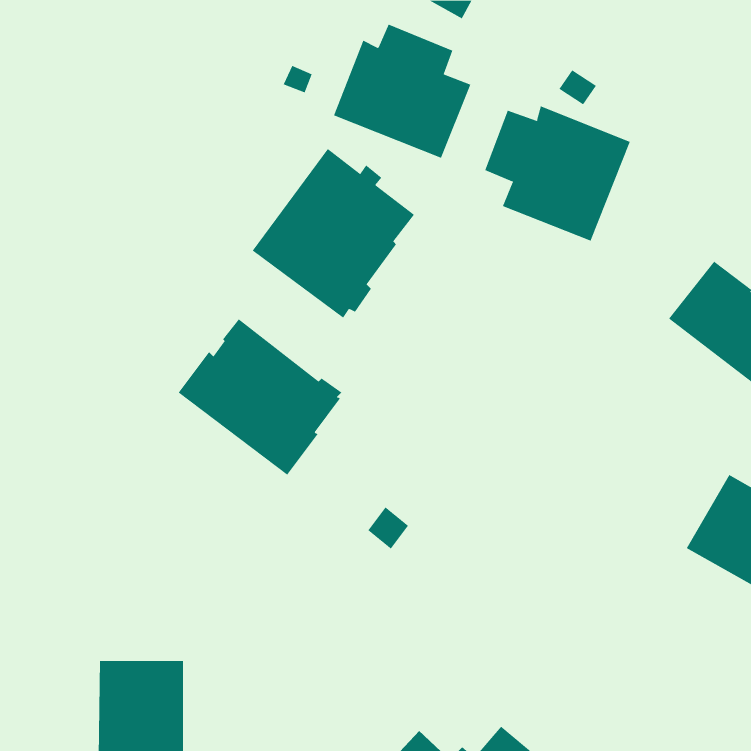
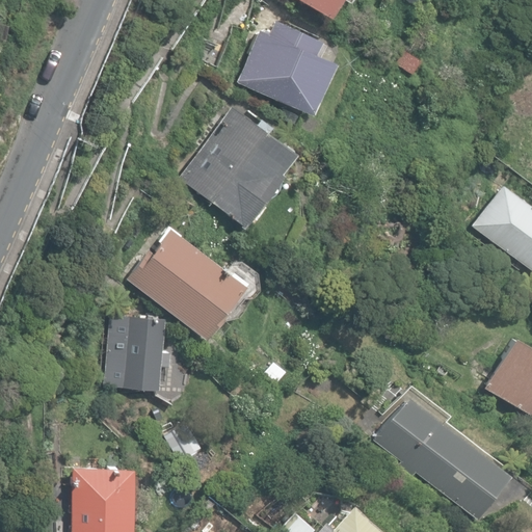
building: [484,106,631,242] -> none
building: none -> [106,315,172,392]
building: none -> [374,397,512,522]

